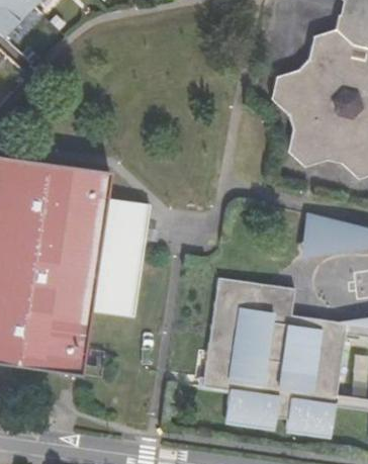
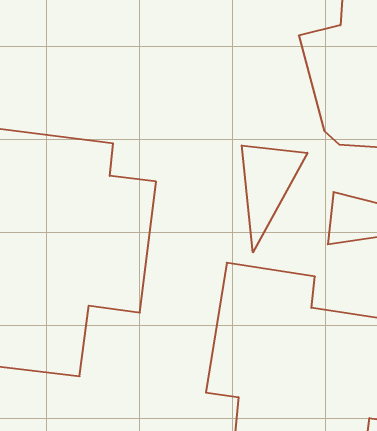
building: none -> [242,145,307,252]

